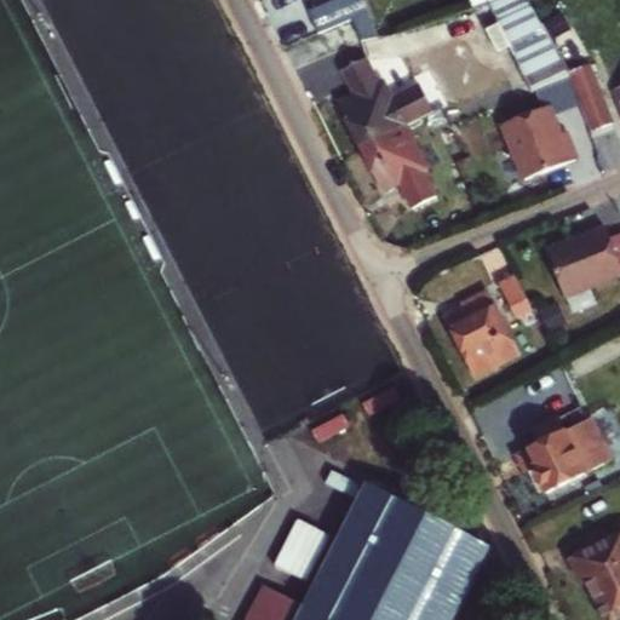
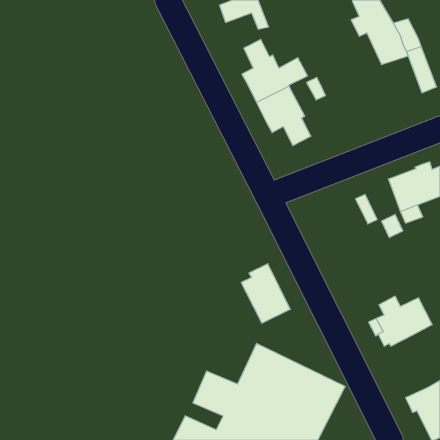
building: [504,107,575,180] -> none
building: [448,287,517,371] -> [241,264,290,323]

